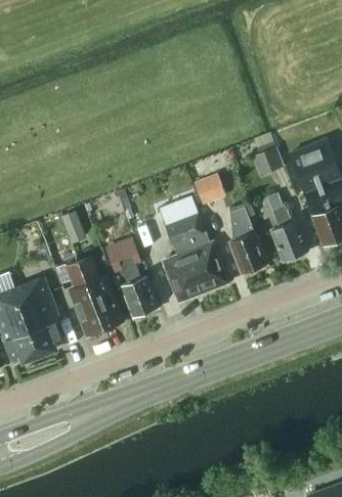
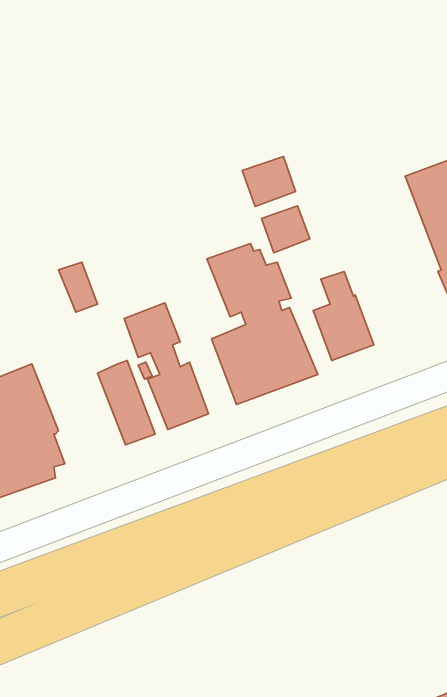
building: none -> [242,156,295,207]
building: [251,146,283,174] -> none
building: [269,205,309,261] -> none
building: [63,255,104,336] -> none

